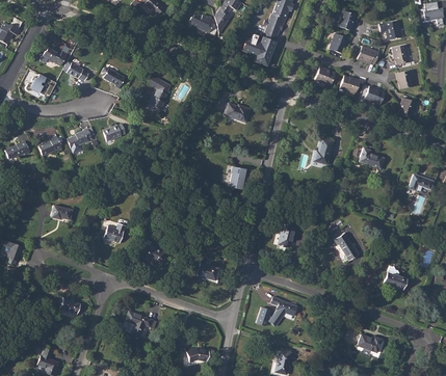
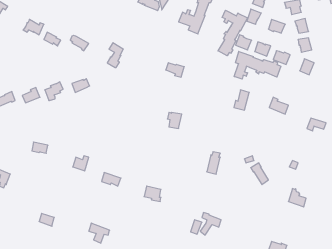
building: none -> [218,10,248,56]
building: [25,73,56,96] -> none
building: none -> [234,51,281,79]

